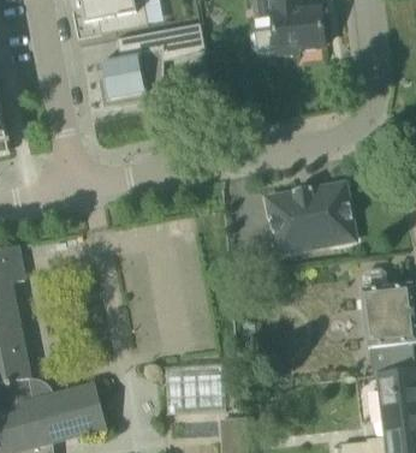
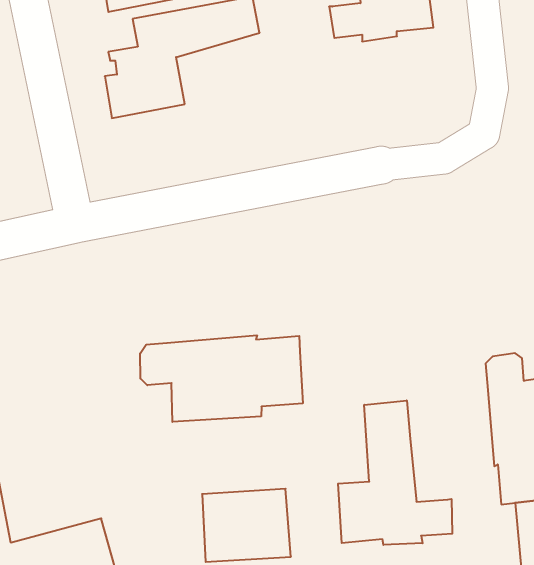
building: [266,183,353,252] -> none
building: none -> [140,335,303,422]
building: none -> [338,400,452,545]

